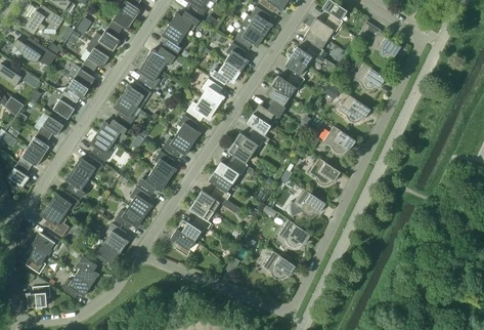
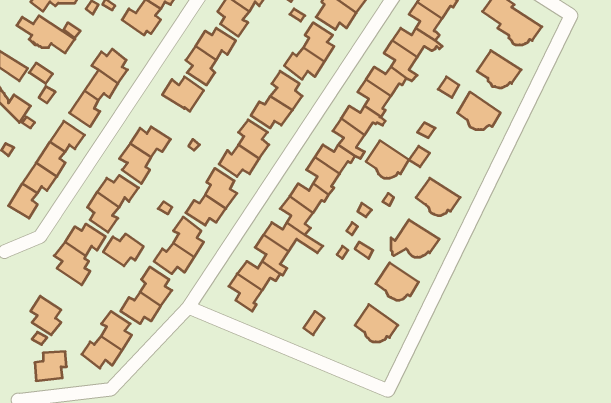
building: [84,41,108,71] -> none
building: [114,96,137,125] -> none
building: [323,126,355,154] -> [366,141,409,178]
building: [31,232,60,255] -> [103,234,143,266]

